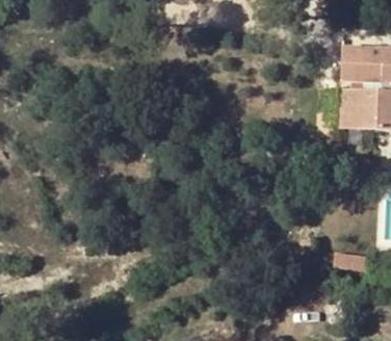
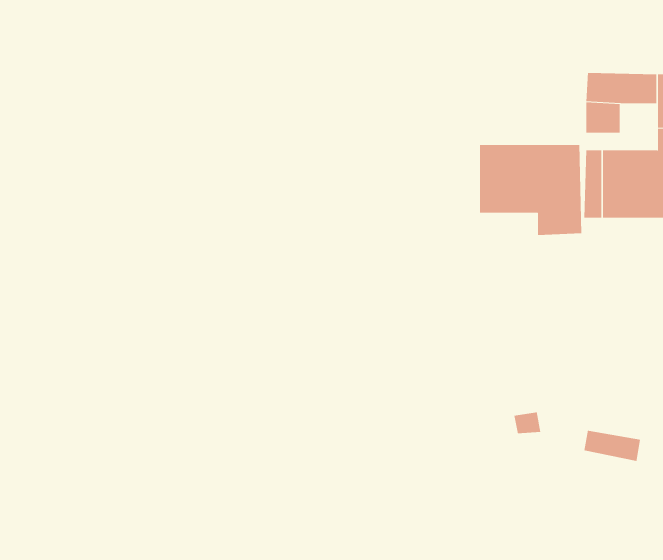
building: none -> [479,144,582,236]

